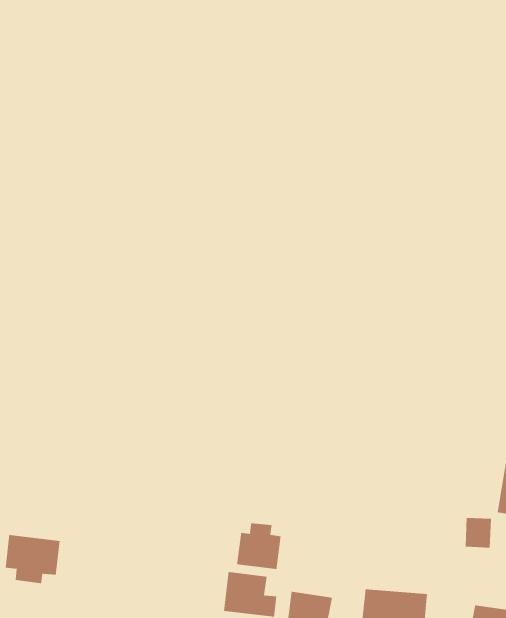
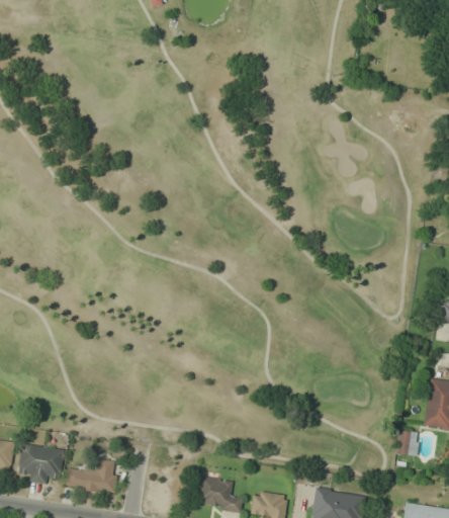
building: [237,522,281,570] -> none
building: none -> [65,458,118,495]

